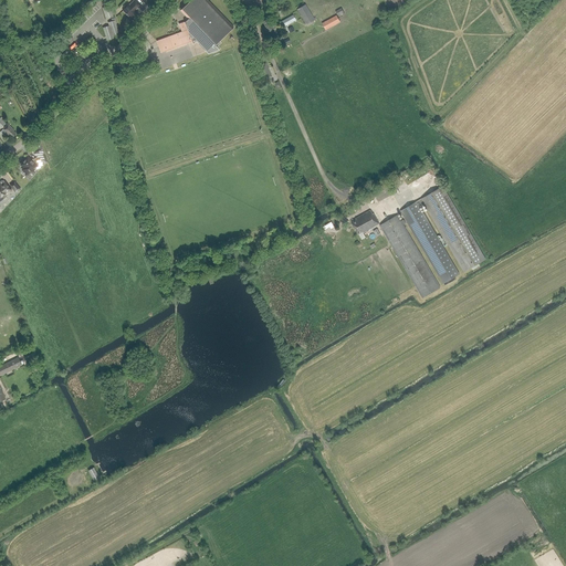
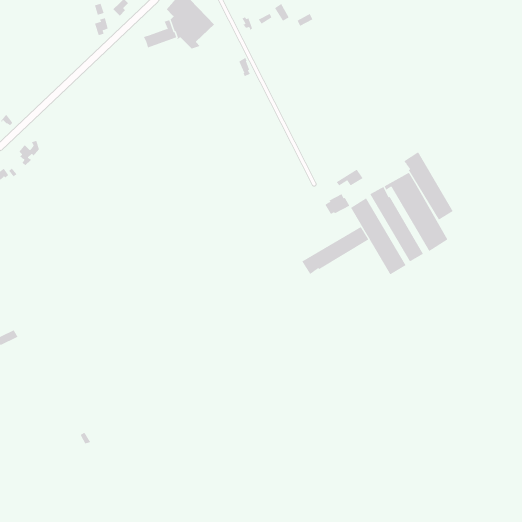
building: none -> [404,152,454,221]
building: none -> [302,226,369,275]

